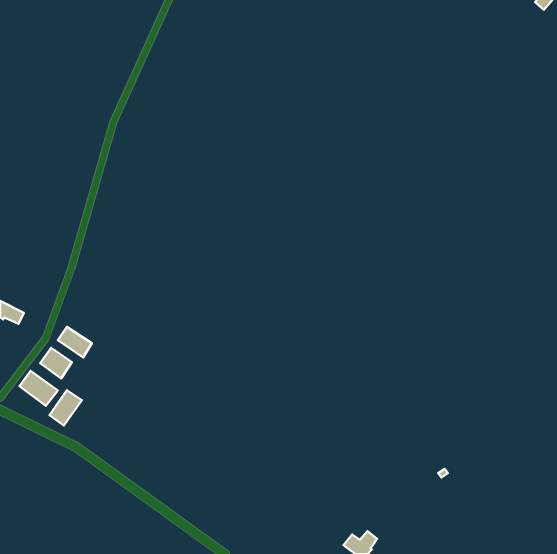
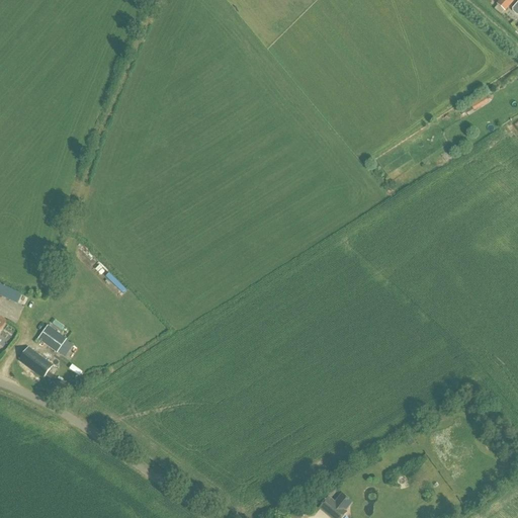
building: [58,327,92,357] -> none
building: [49,390,82,425] -> none

